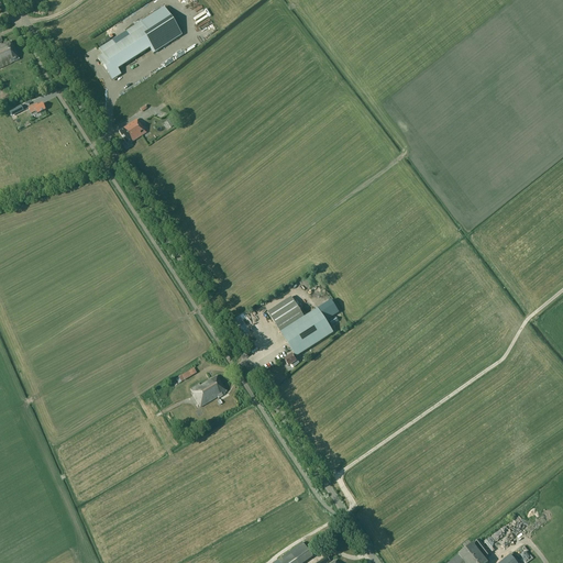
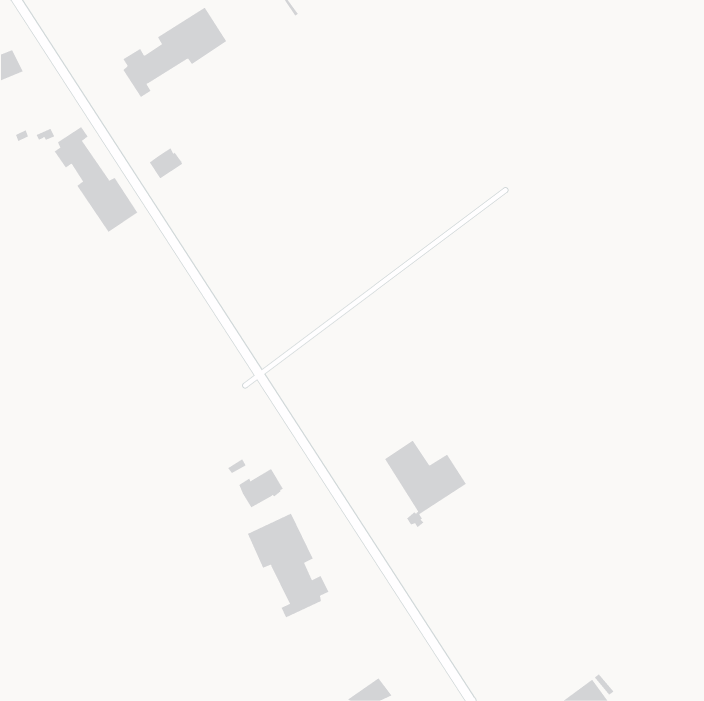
building: none -> [54,126,138,233]
building: [267,296,333,366] -> [384,440,467,528]
building: none -> [247,513,329,618]

